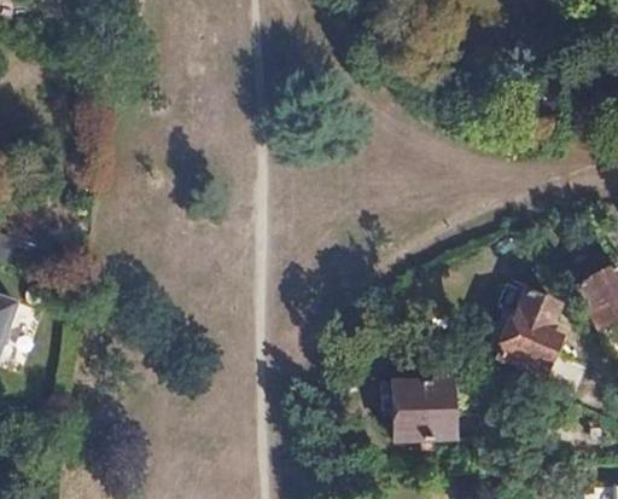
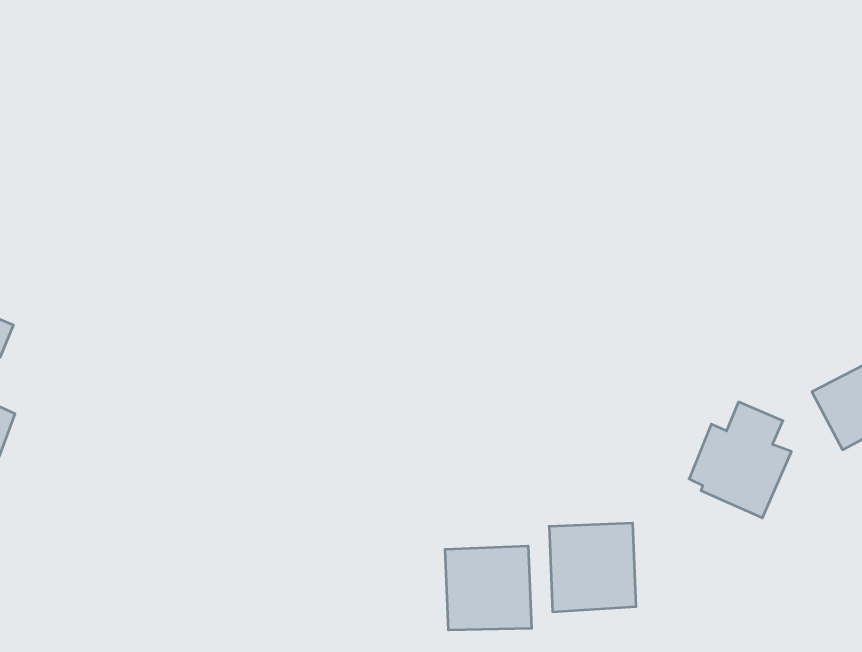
building: none -> [445,546,532,630]

